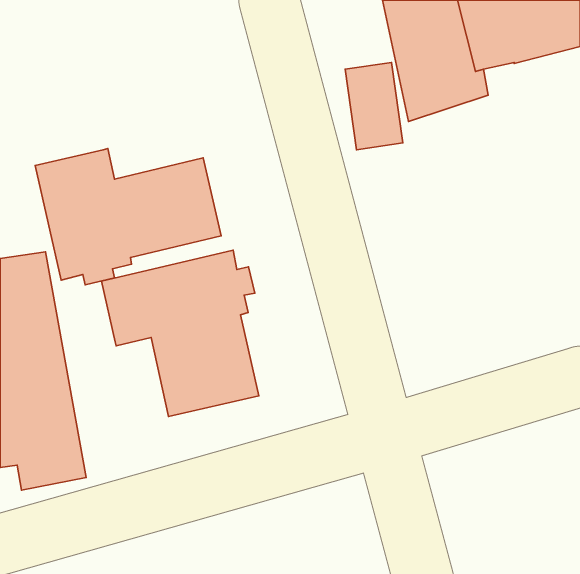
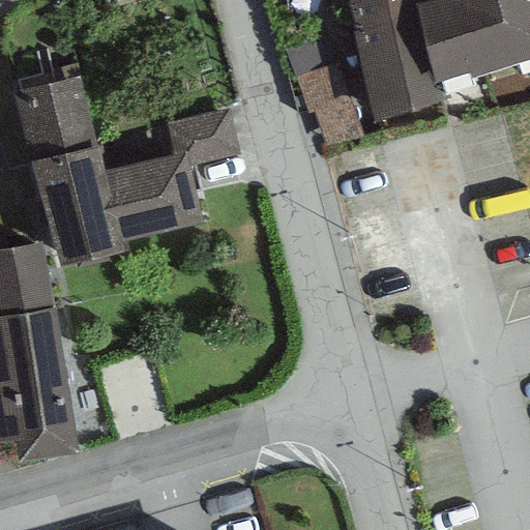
building: none -> [17,73,94,156]
building: [101,250,259,417] -> none

